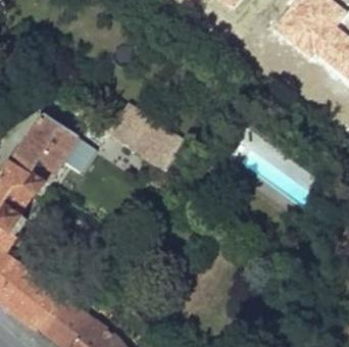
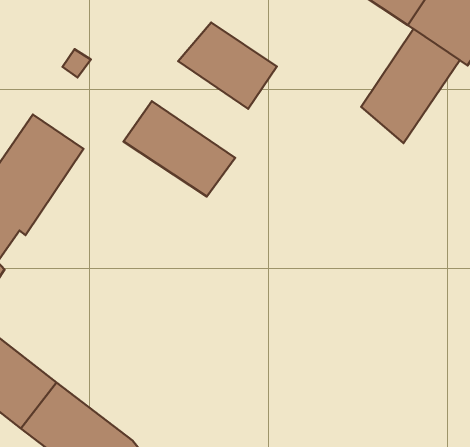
building: none -> [178,22,277,109]
building: none -> [361,29,460,143]

